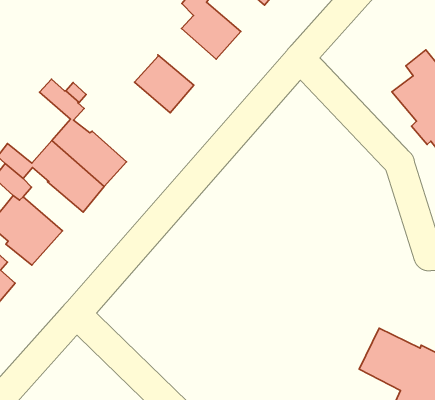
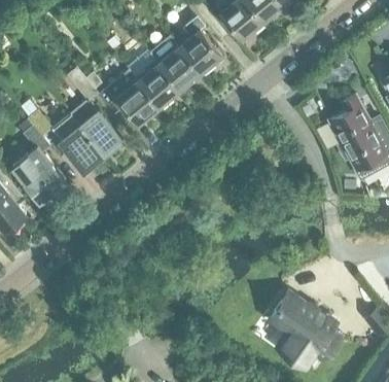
building: none -> [149,37,201,91]
building: none -> [105,74,161,125]

